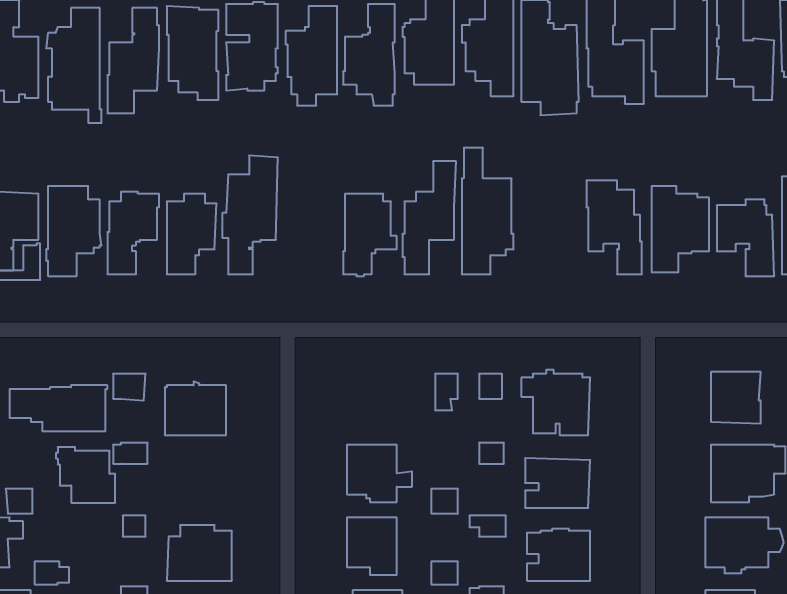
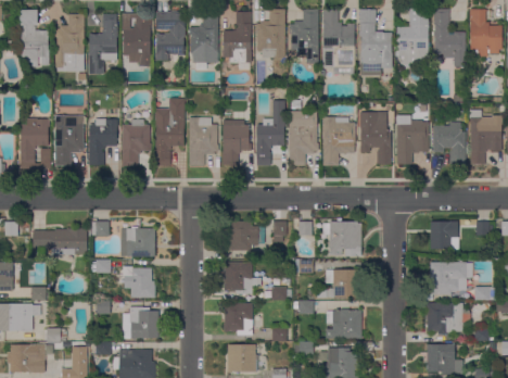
building: none -> [188,117,218,166]
building: none -> [322,117,355,166]
building: none -> [226,222,265,251]
building: [56,447,115,503] -> [122,266,155,298]

